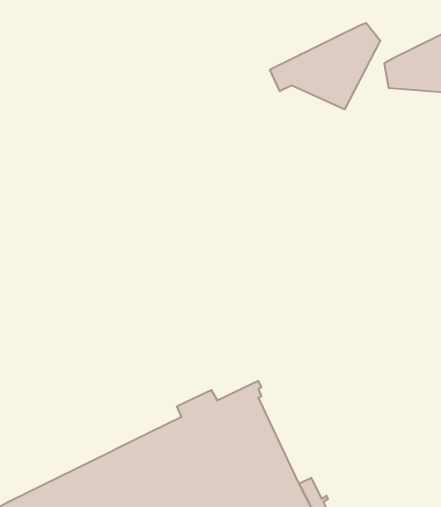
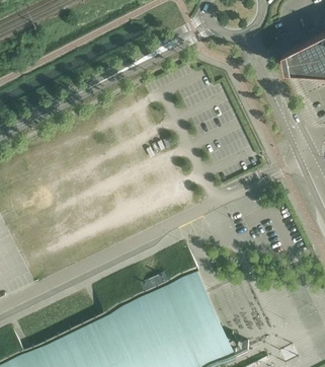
building: [270,23,380,109] -> none

